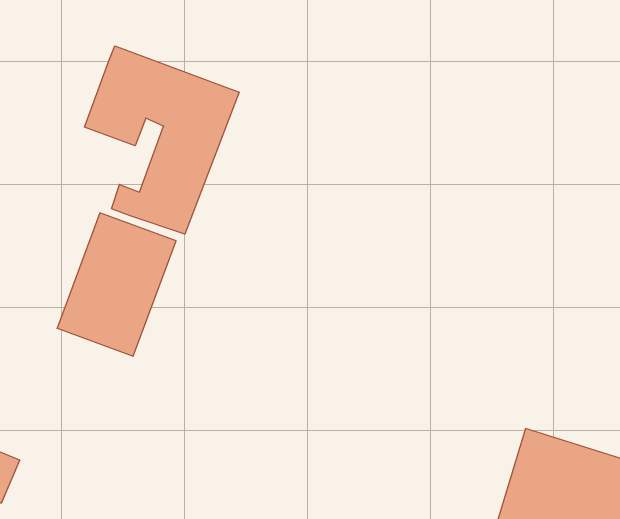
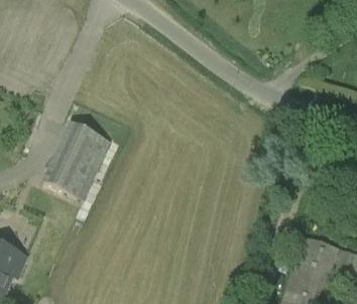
building: [85,46,239,234] -> none

